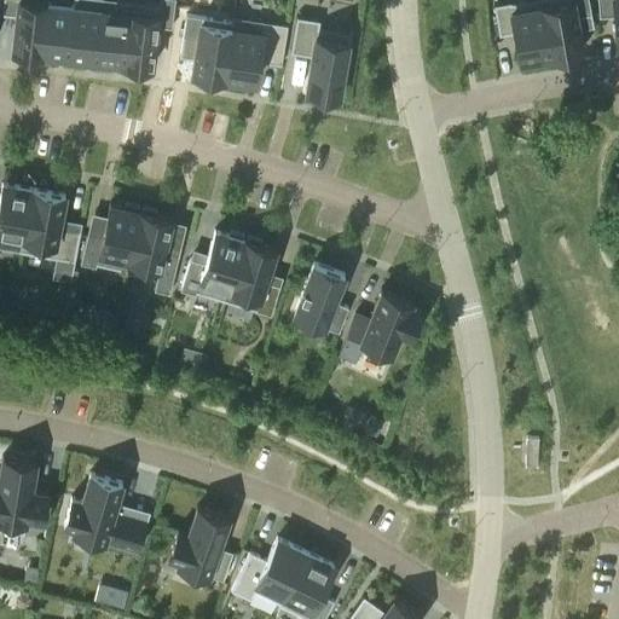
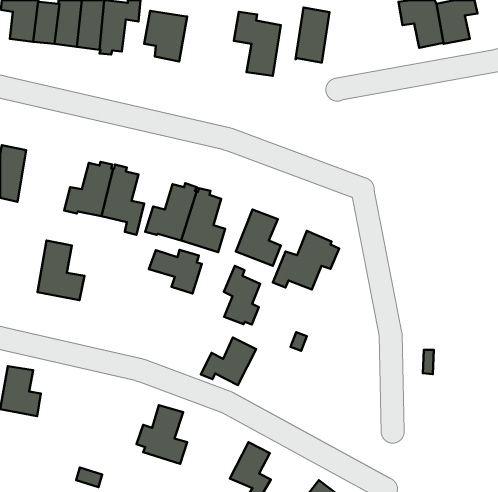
building: none -> [296,8,330,63]
building: [222,22,265,88] -> none
building: [22,193,80,267] -> [38,241,84,300]
building: none -> [149,250,202,293]
building: none -> [224,266,260,325]
building: [82,479,134,545] -> none
building: [239,542,308,601] -> [201,337,256,385]

